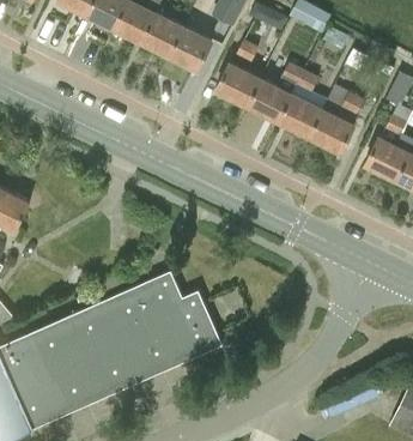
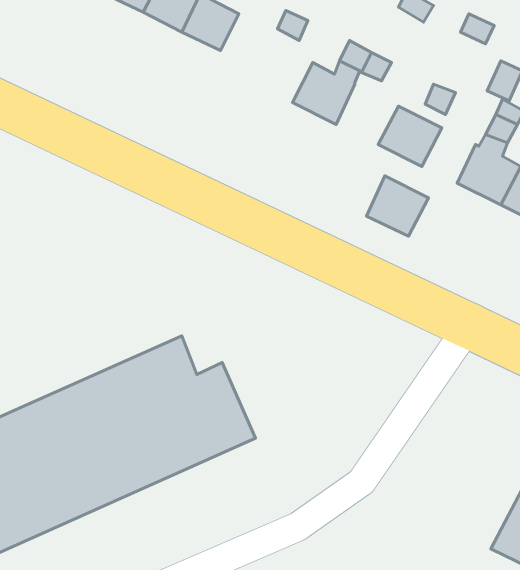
building: [215,61,262,105] -> none
building: [279,92,323,135] -> [366,176,429,236]

